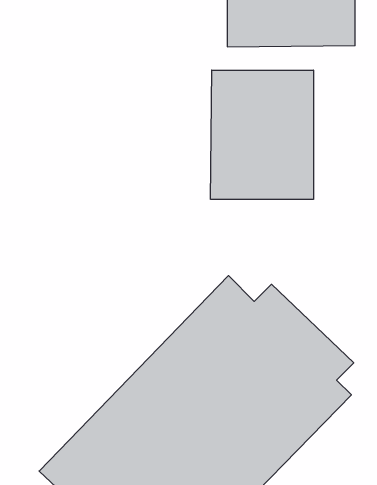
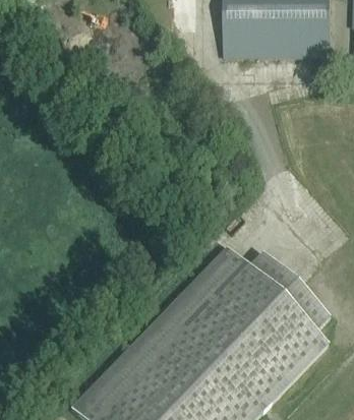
building: [211,70,313,199] -> none

